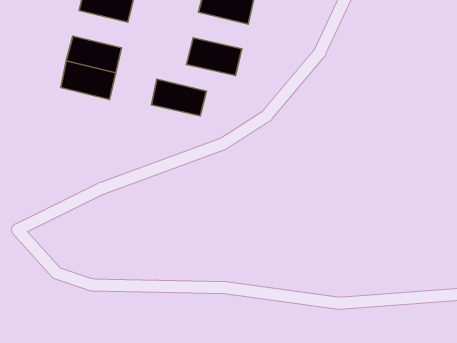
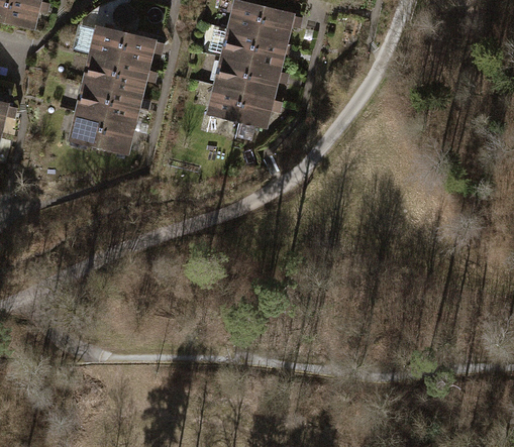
building: none -> [86,54,146,96]
building: [151,79,207,116] -> [218,57,279,97]

